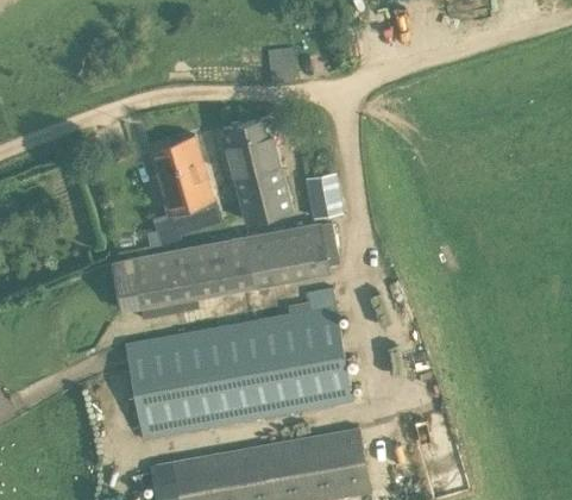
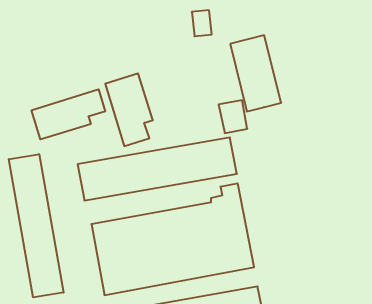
building: [221,117,291,221] -> [230,35,281,111]
building: none -> [32,89,105,139]
building: none -> [9,154,64,297]

